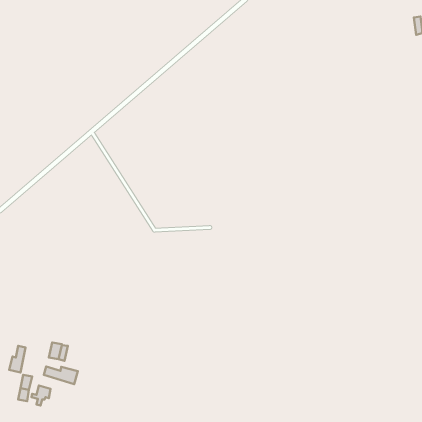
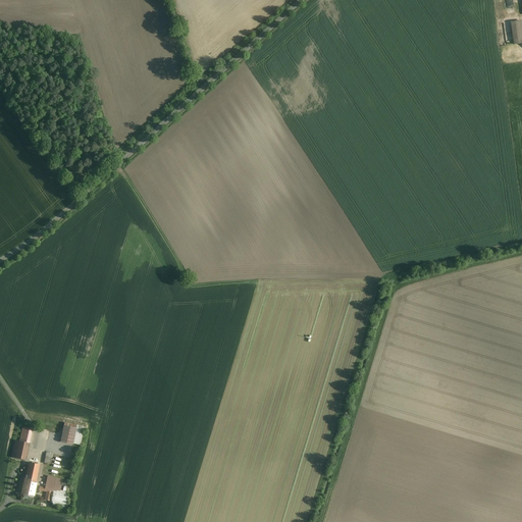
building: [44,367,78,384] -> none

